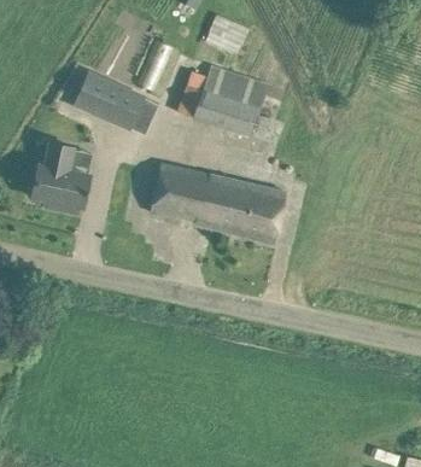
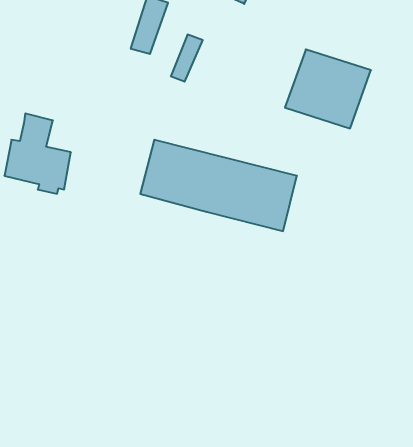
building: [193,66,268,135] -> [285,49,371,128]
building: [75,72,159,128] -> none

